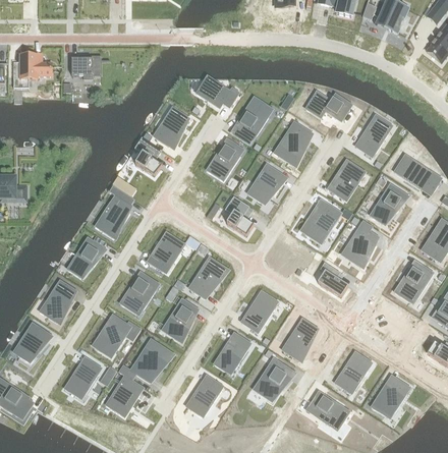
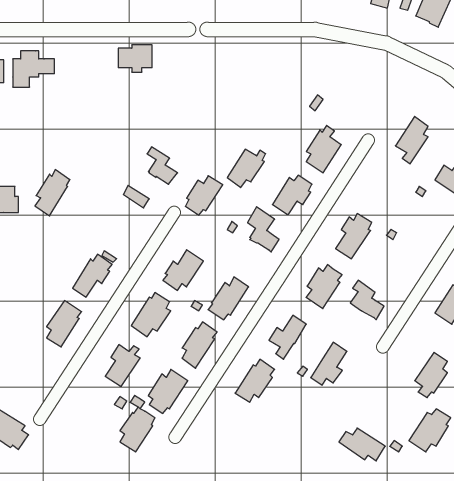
building: [71,55,102,79] -> [118,45,152,72]
building: [195,79,239,108] -> none
building: [305,94,351,120] -> none
building: [233,97,269,139] -> none
building: [156,110,189,146] -> [185,176,223,215]
building: [329,162,363,199] -> none
building: [370,188,404,220] -> none
building: [99,195,130,237] -> [35,170,70,216]
building: [345,227,378,267] -> [306,265,342,309]
building: [17,324,48,362] -> none
building: [338,351,368,392] -> [415,352,447,398]
building: [64,357,100,396] -> none
building: [257,359,289,401] -> none
building: [190,381,223,417] -> none

